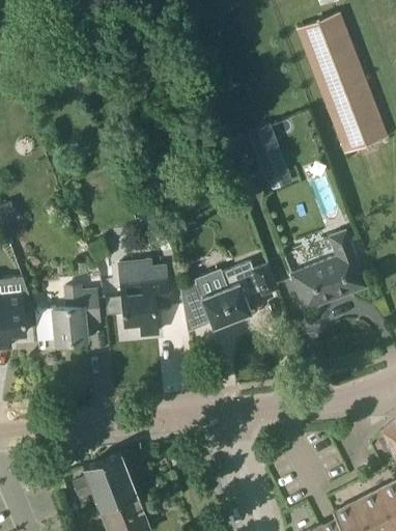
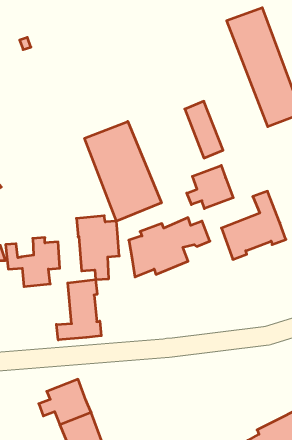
building: none -> [85,121,161,221]
building: none -> [187,165,233,209]
building: none -> [56,280,101,340]

